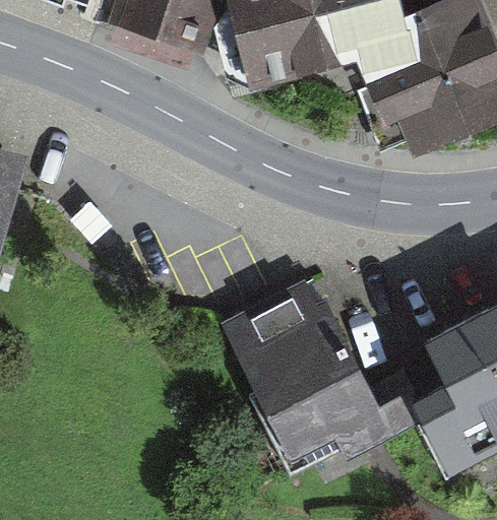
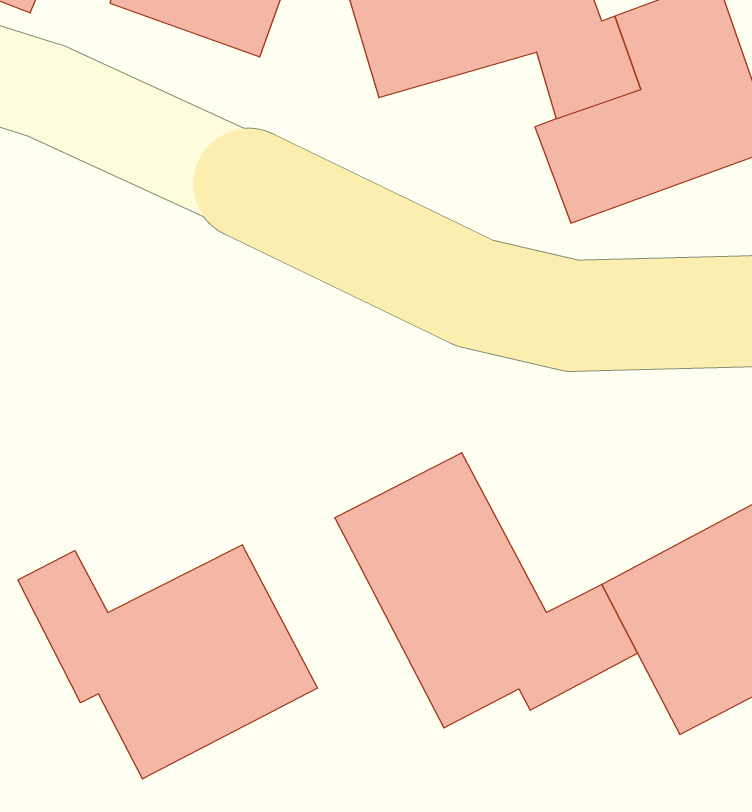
building: none -> [18,545,317,779]

